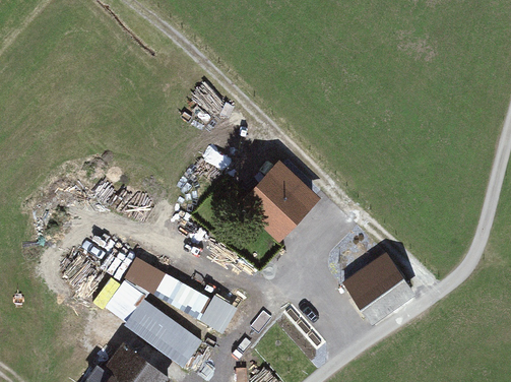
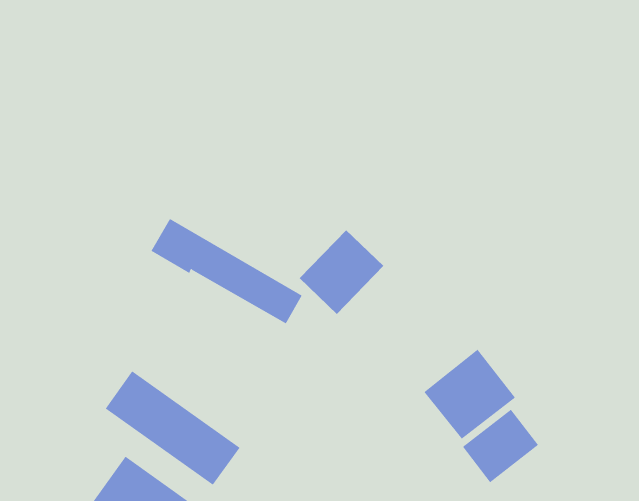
building: [124,252,238,331] -> [151,218,303,324]
building: none -> [462,409,539,483]

